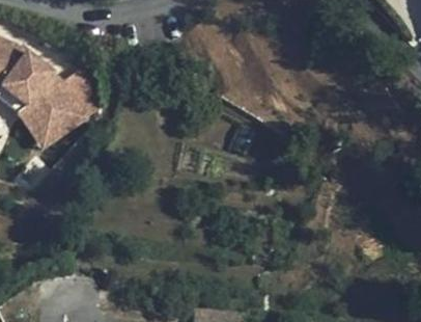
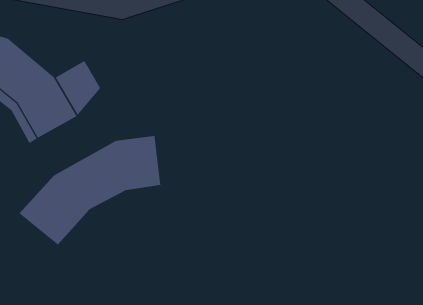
building: none -> [19,135,161,246]

